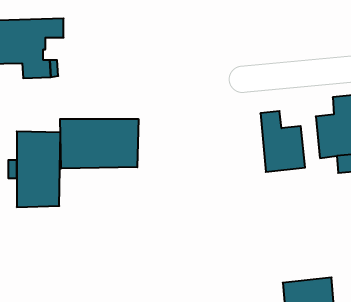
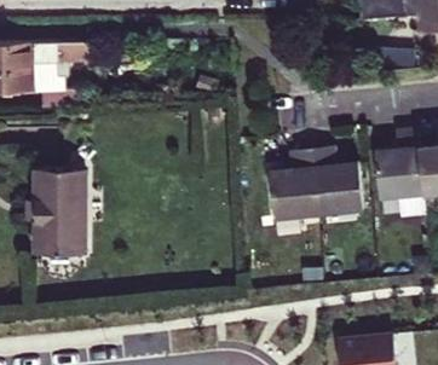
building: none -> [269,147,318,218]
building: [60,119,138,169] -> none

